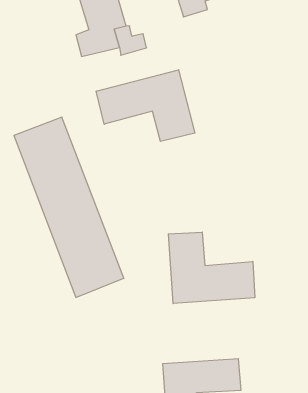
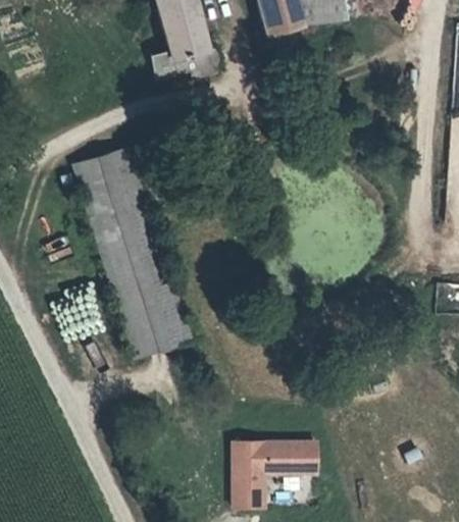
building: [96,70,195,141] -> none
building: [168,232,255,304] -> none

